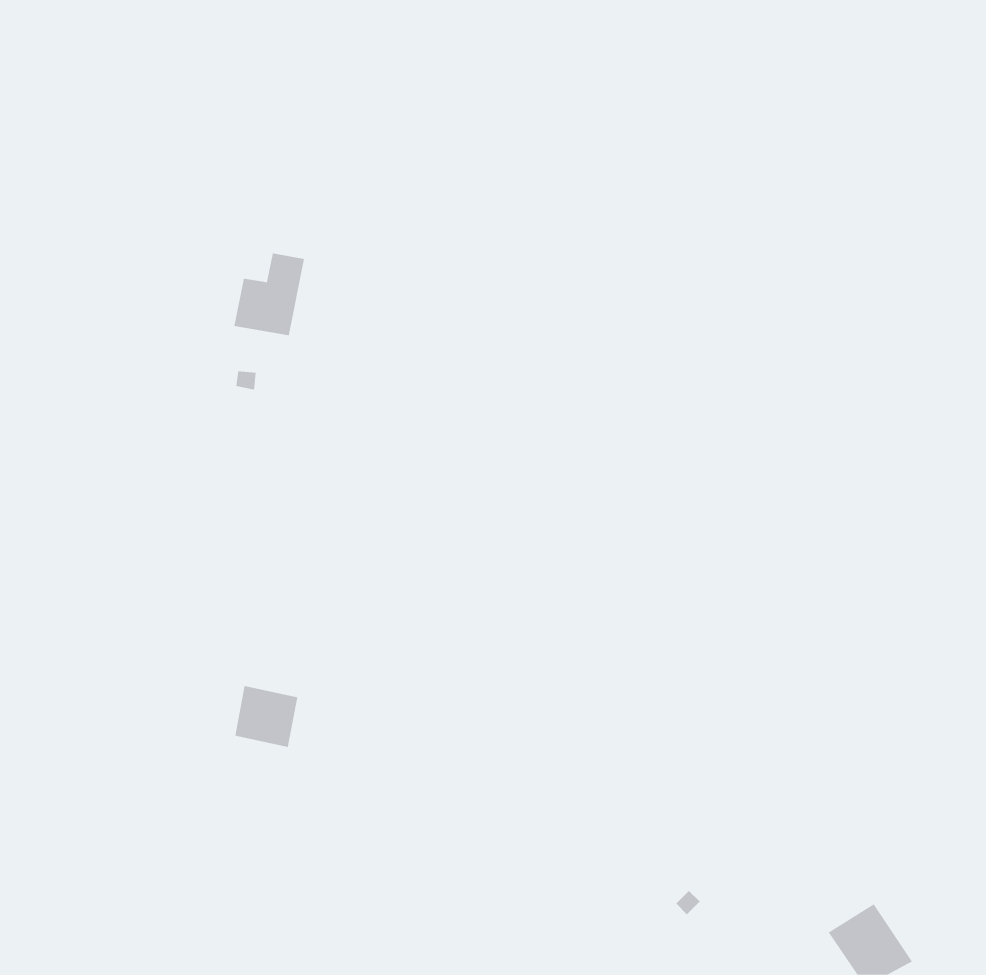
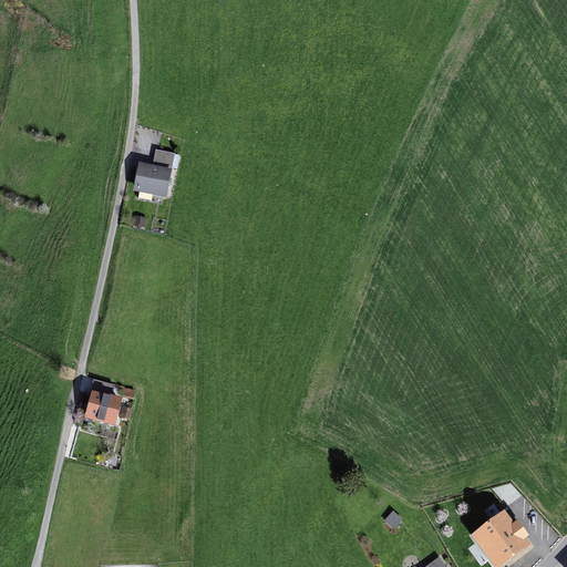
building: [234,686,298,747] -> [85,390,122,425]

